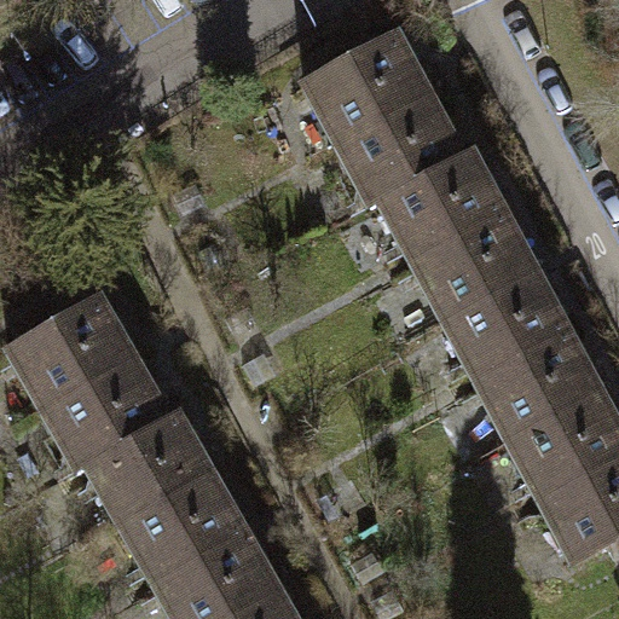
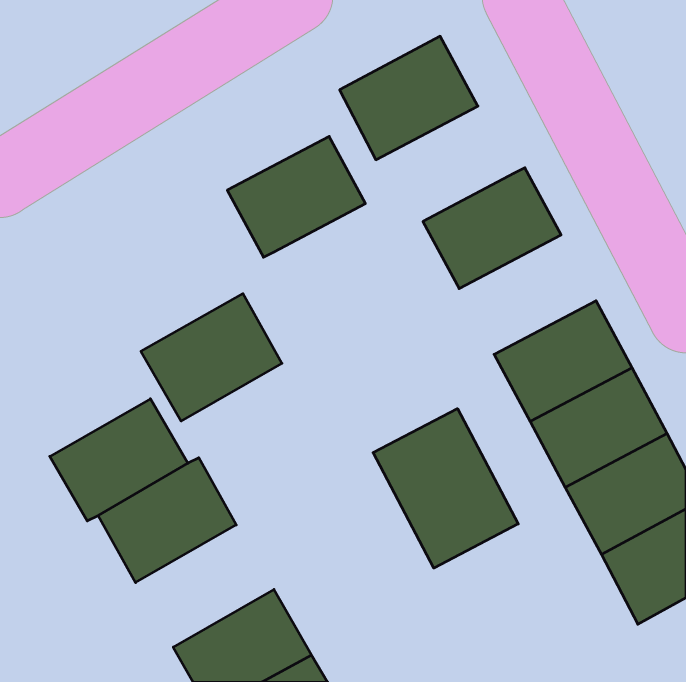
building: [339,96,463,204] -> [227,136,365,257]
building: [413,212,537,319] -> none
building: [8,296,135,411] -> [141,294,282,421]
building: none -> [373,409,518,568]
building: [122,473,247,583] -> none

